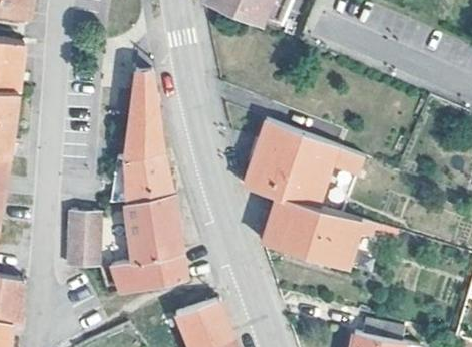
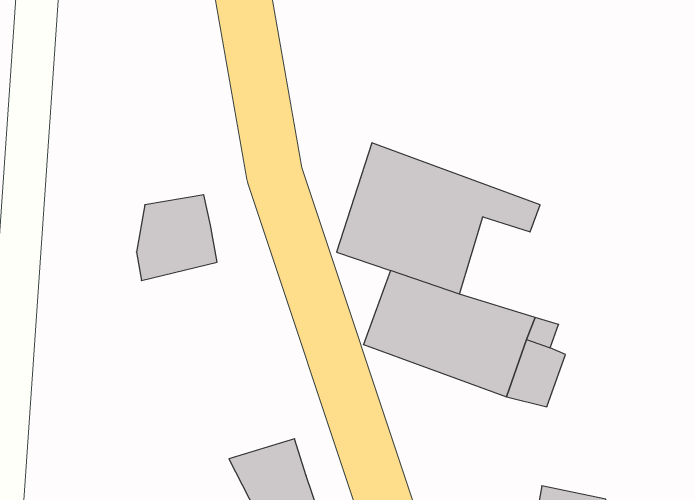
building: [125,69,160,157] -> none
building: [115,192,184,289] -> none
building: [71,222,106,263] -> none

